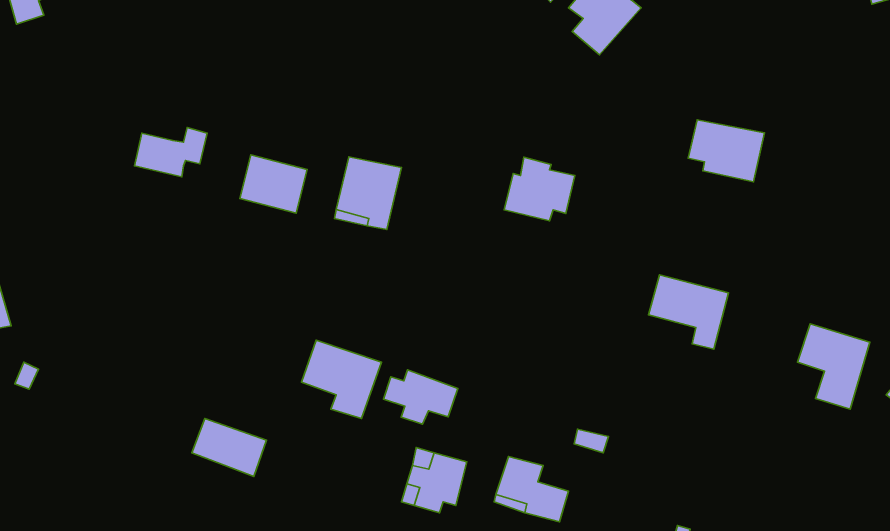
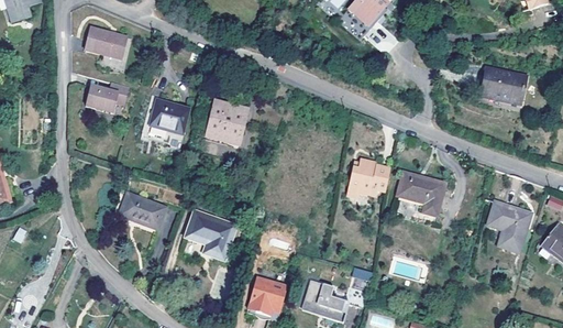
building: none -> [85,28,125,58]
building: [688,120,764,182] -> [481,67,527,105]
building: [504,157,575,221] -> [347,158,390,197]
building: [383,370,458,424] -> none
building: [192,418,266,476] -> [119,194,164,229]

